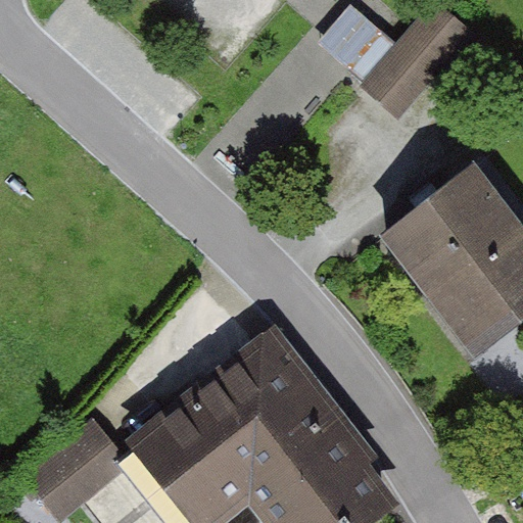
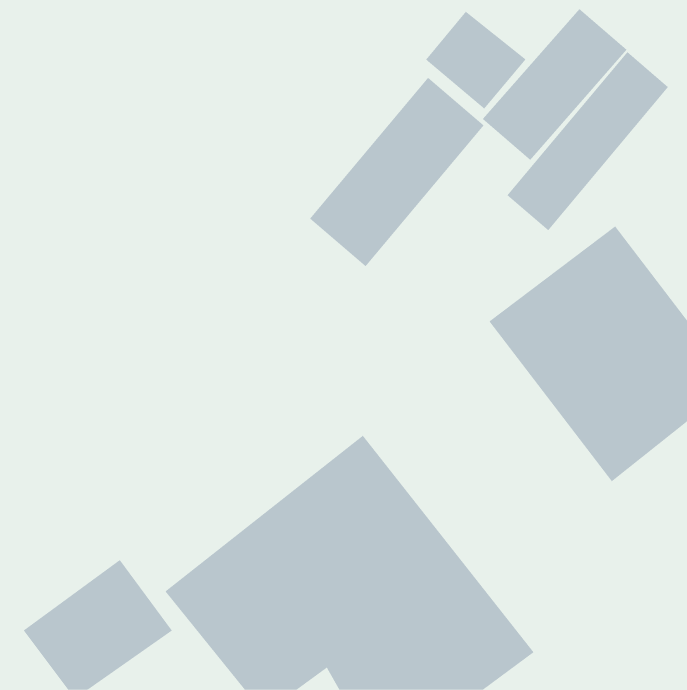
building: none -> [507,51,669,231]
building: none -> [309,77,485,267]

